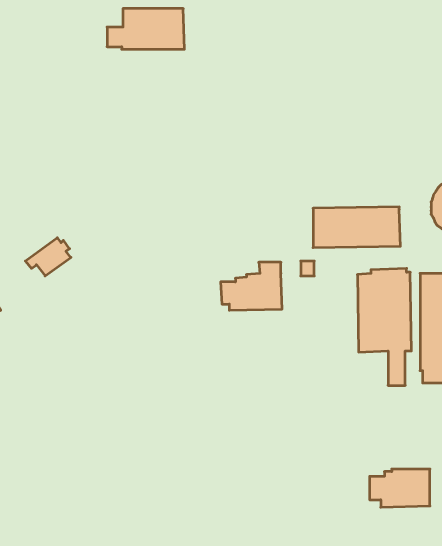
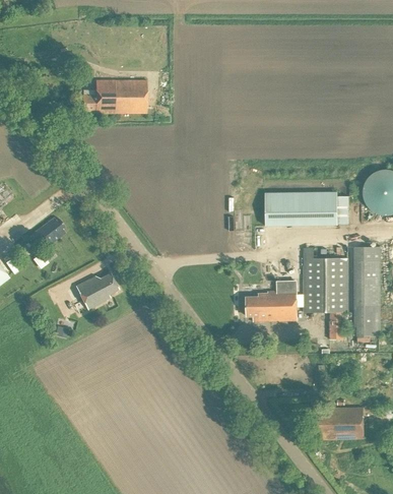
building: [107,9,184,49] -> [81,80,145,114]
building: [221,262,282,310] -> [246,282,297,321]
building: none -> [75,272,118,309]

